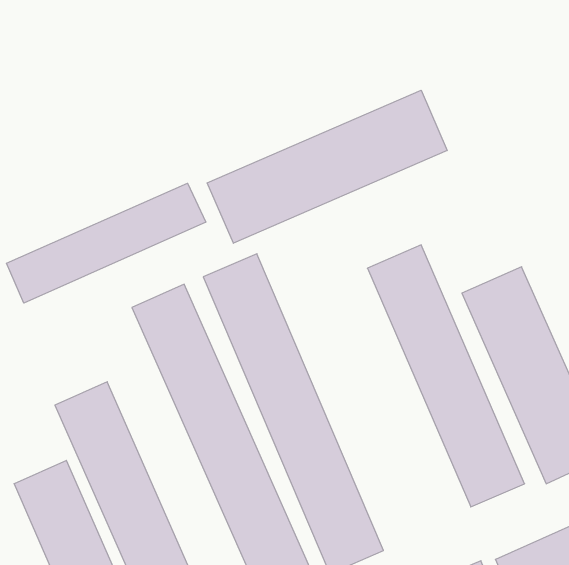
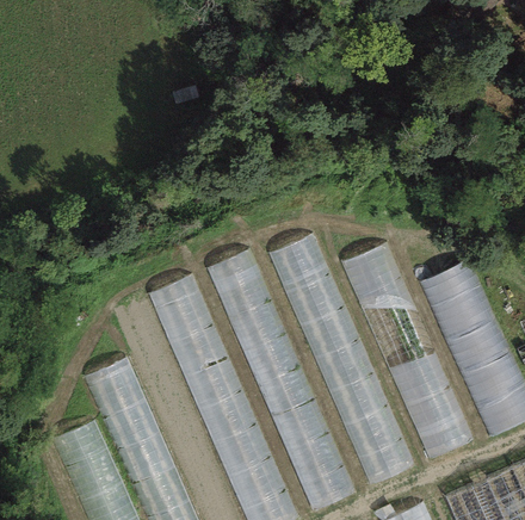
building: [207,90,447,243] -> none
building: [6,183,206,303] -> none
building: none -> [264,237,416,488]

